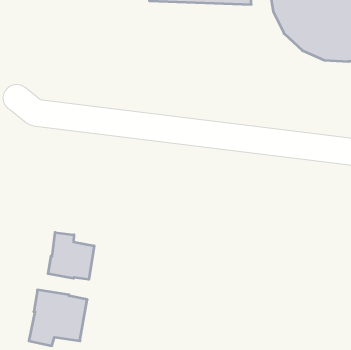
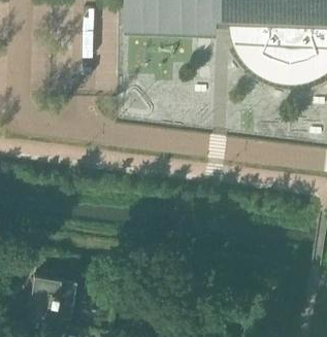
building: [48,232,94,279] -> none

